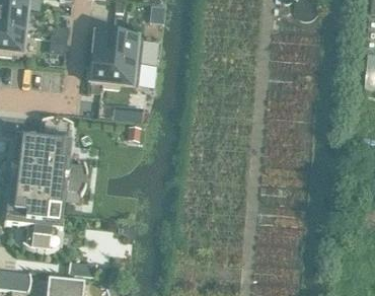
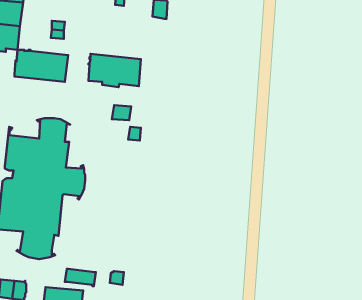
building: [92,30,143,61] -> [14,50,68,82]

